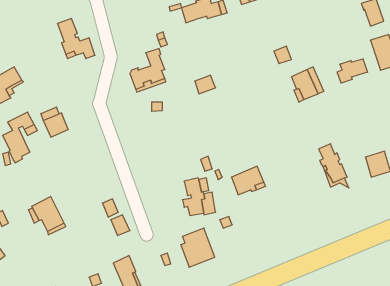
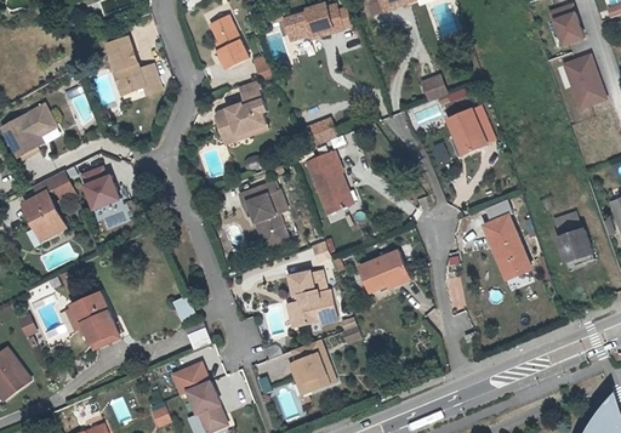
building: none -> [209,13,246,65]
building: [337,59,368,83] -> none
building: none -> [309,149,352,211]
building: none -> [241,180,285,232]
building: none -> [170,360,207,391]

